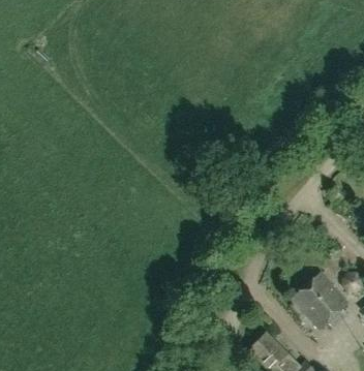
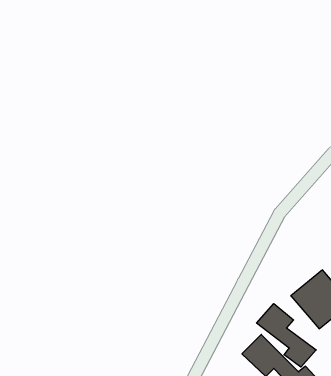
building: none -> [257,304,316,367]

